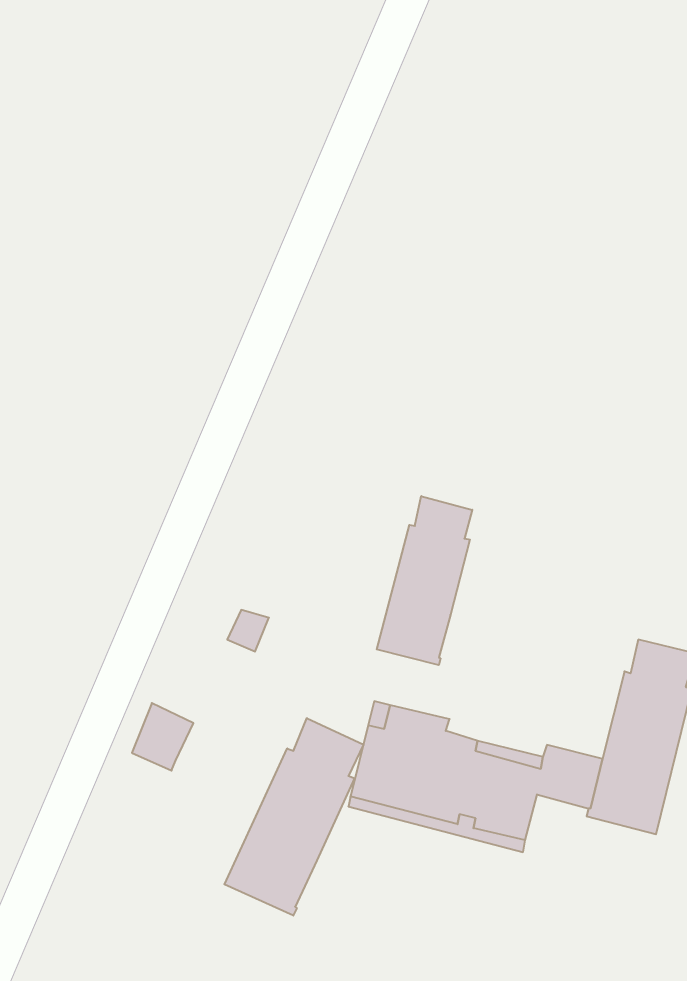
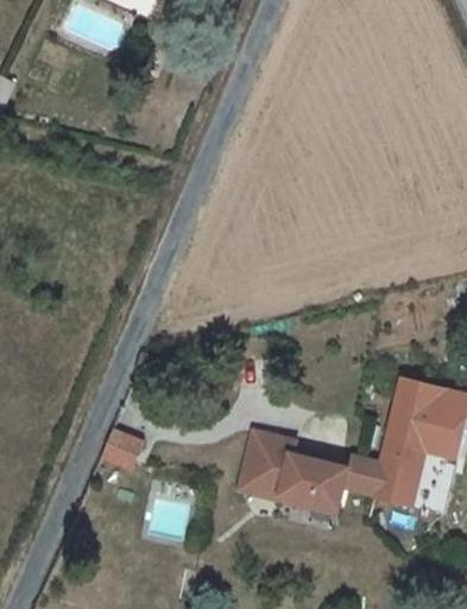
building: [377,496,472,665] -> none
building: [224,718,363,916] -> none

